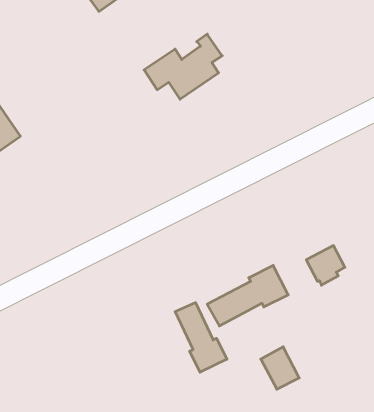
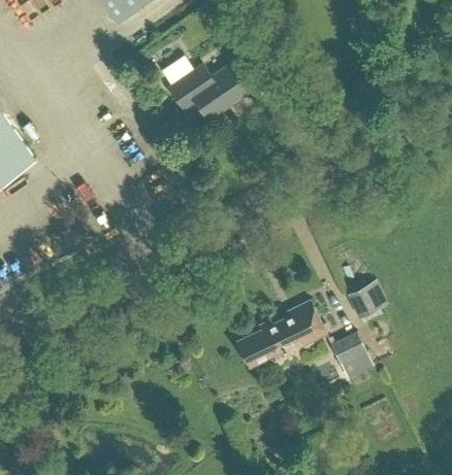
building: [175,303,227,372] -> none
building: [261,347,299,389] -> [330,329,373,375]

